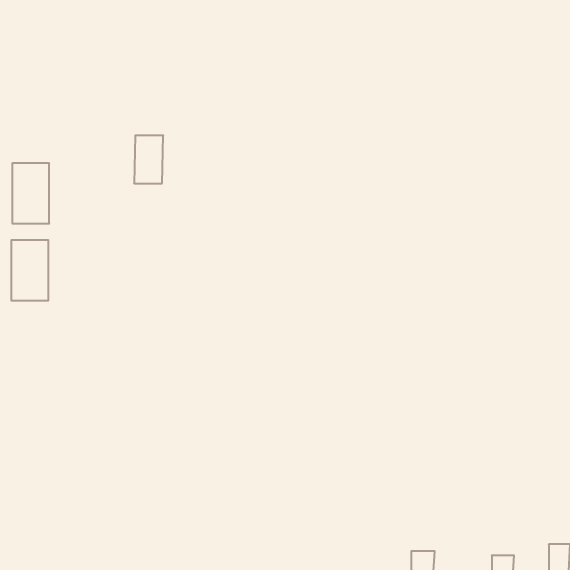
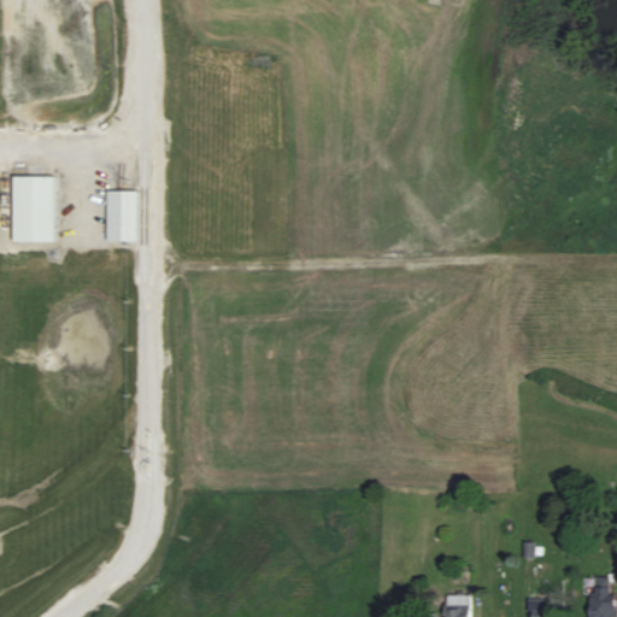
building: [134,135,163,183] -> [106,192,137,243]
building: [11,240,48,301] -> none

